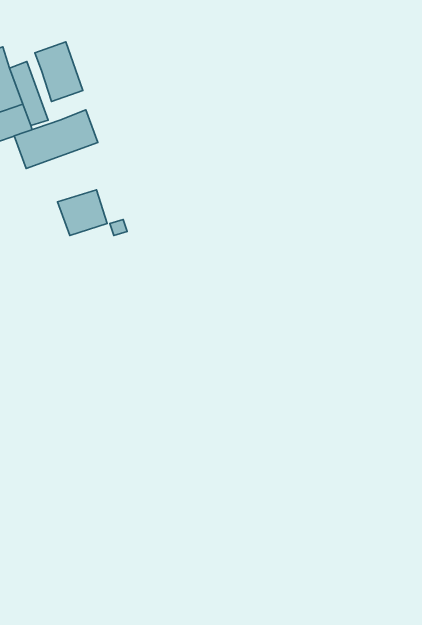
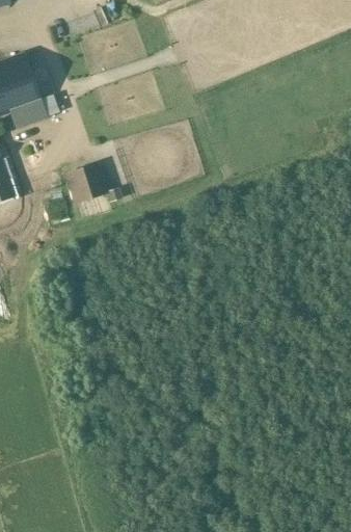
building: [35,42,83,101] -> none
building: [14,110,98,168] -> none

